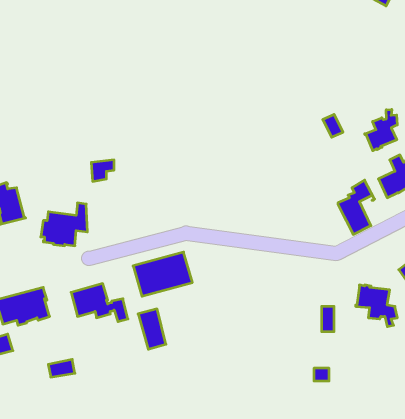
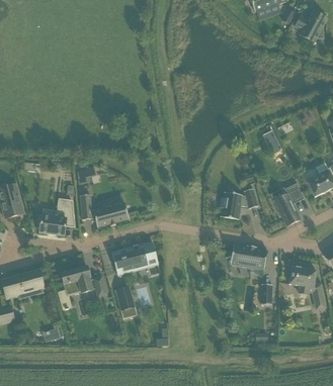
building: [365,109,397,151] -> none
building: none -> [219,188,258,219]
building: none -> [80,195,129,227]
building: none -> [230,245,267,270]

